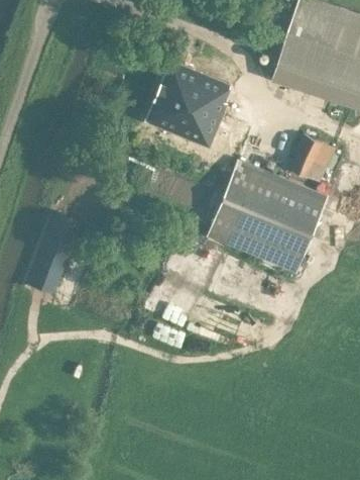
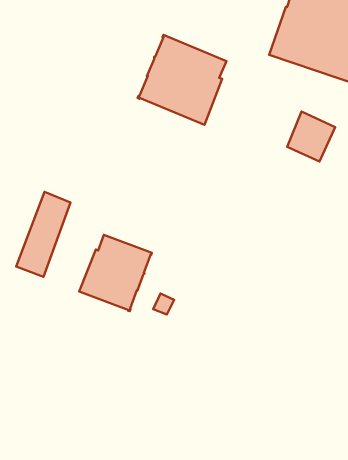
building: [207,159,328,273] -> none
building: none -> [79,235,152,311]

